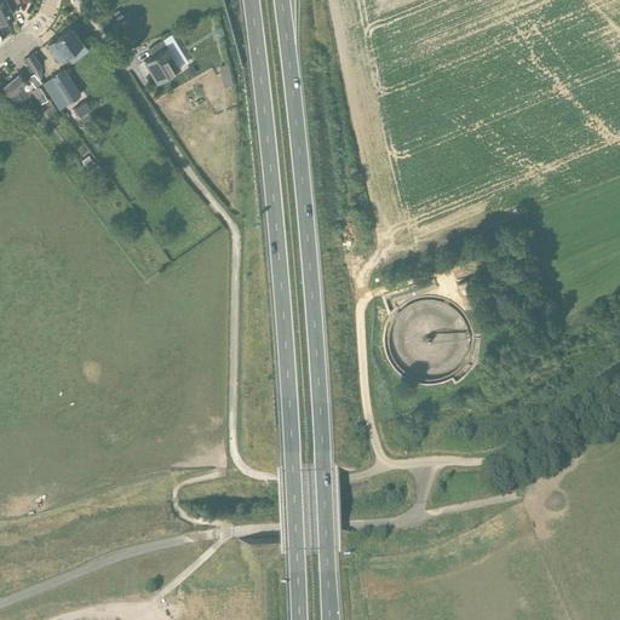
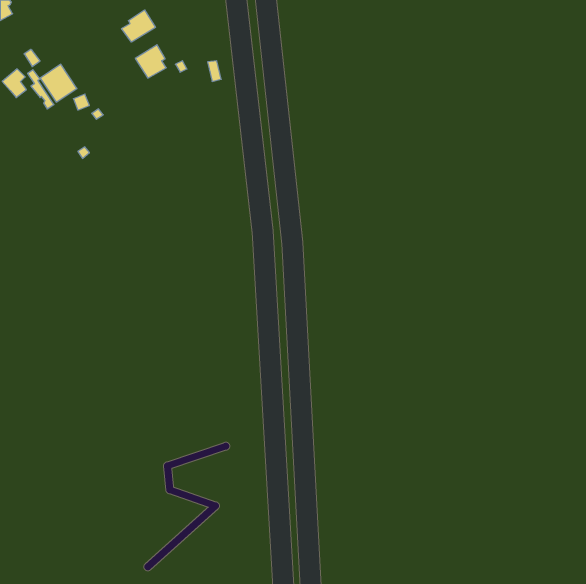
building: none -> [122,10,155,42]
building: [48,29,82,62] -> none

